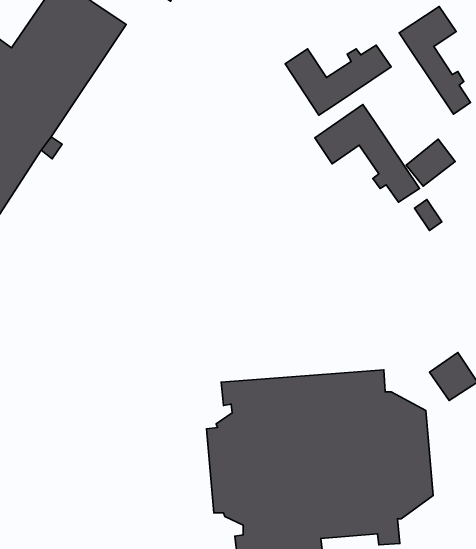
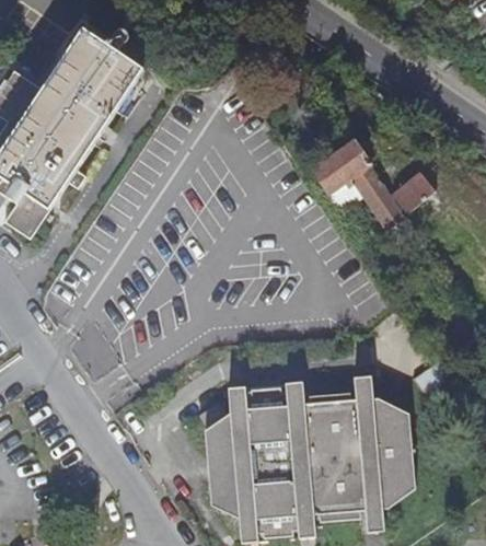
building: [399,7,470,114] -> none
building: [285,45,391,115] -> none

